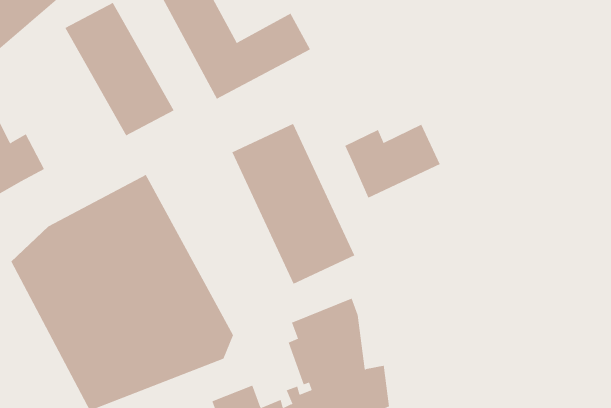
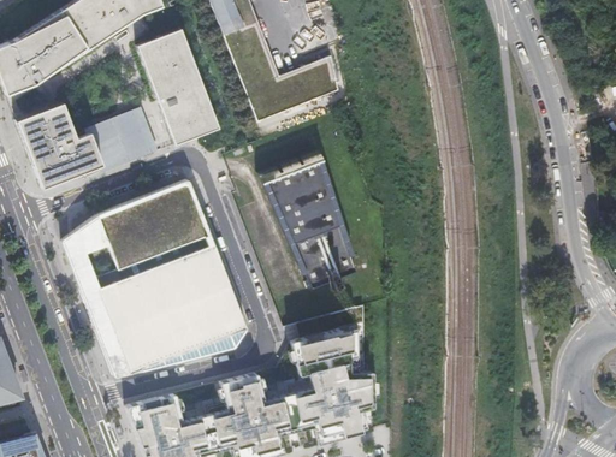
building: none -> [93,113,153,162]
building: [344,124,440,198] -> none

